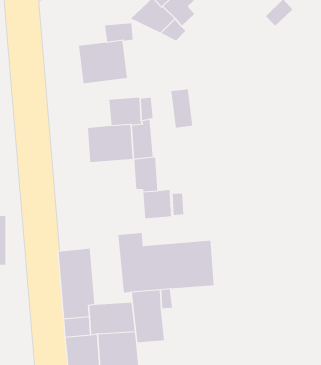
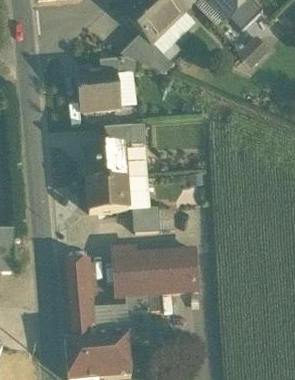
building: [171,89,193,128] -> [116,70,136,105]
building: none -> [86,177,127,210]

